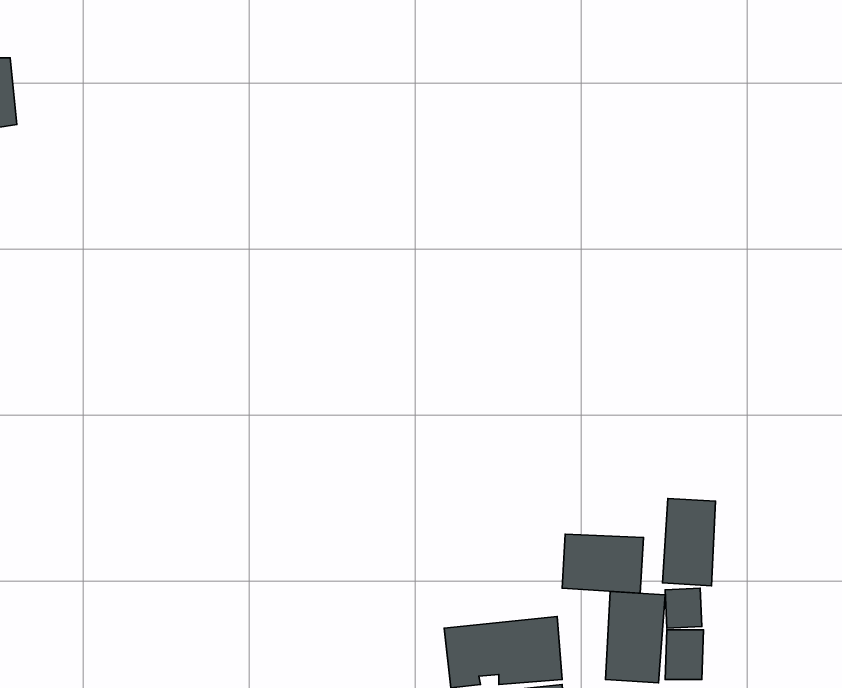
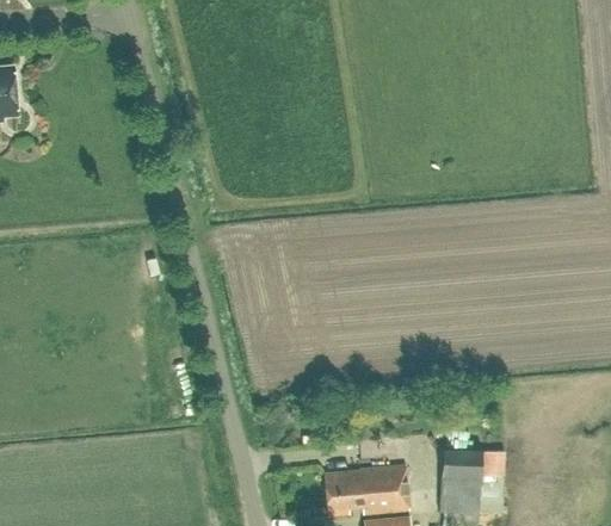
building: [662,498,715,586] -> none
building: [562,534,643,593] -> none

